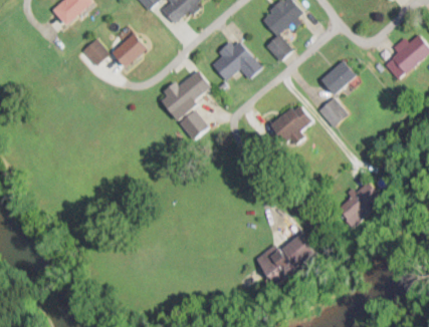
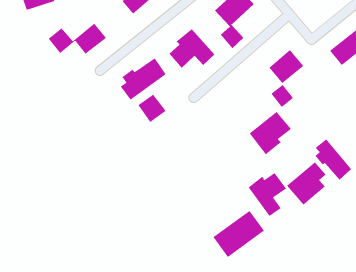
building: [268,102,314,149] -> [249,111,292,155]
building: none -> [315,138,352,181]
building: none -> [248,172,287,217]

